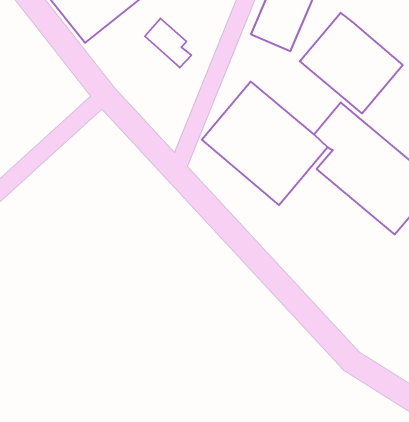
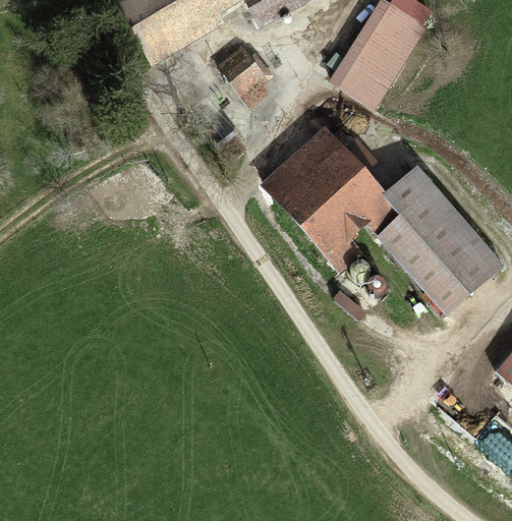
building: [300,13,403,113] -> none

